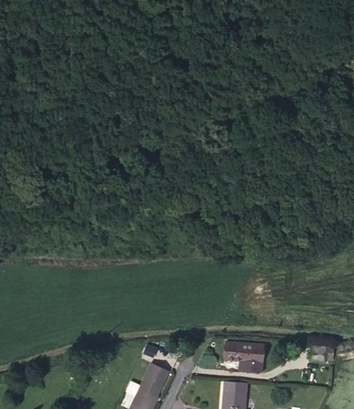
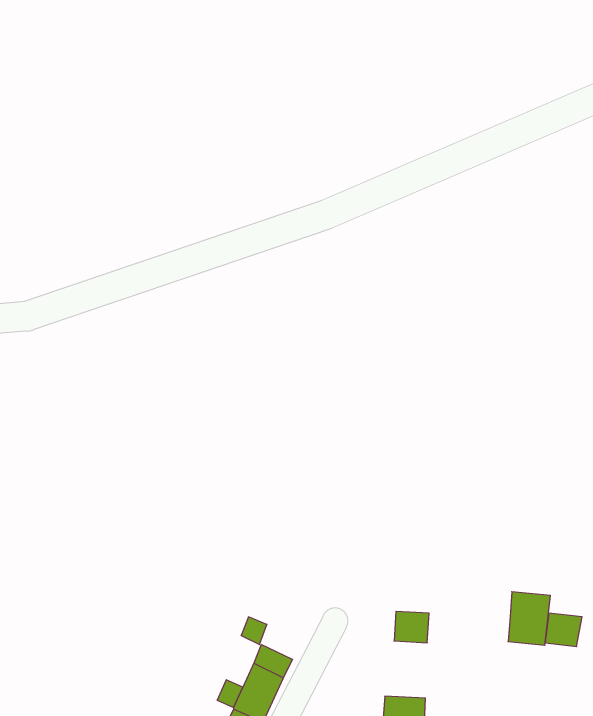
building: [243,342,266,371] -> [508,592,550,645]

